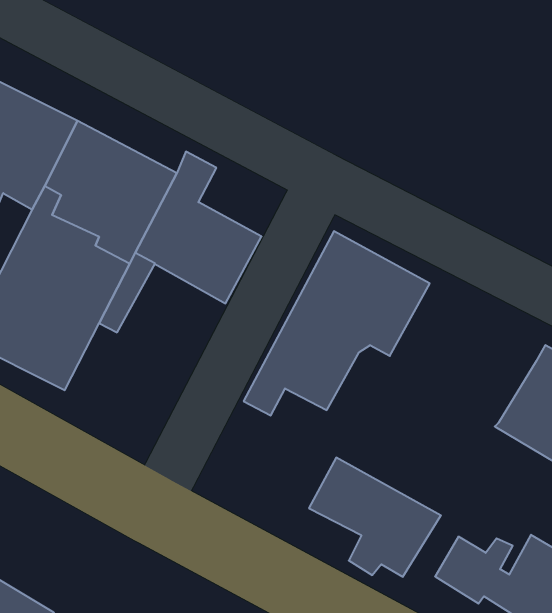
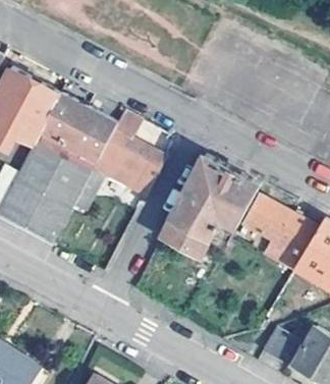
building: [309,458,441,577] -> [244,196,319,263]

